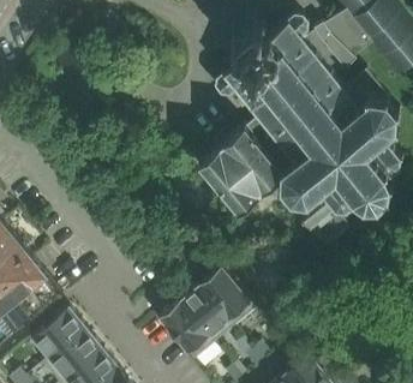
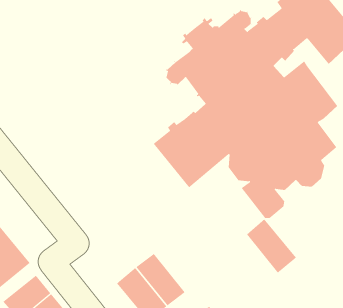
building: [200,265,257,327] -> [246,218,297,274]

